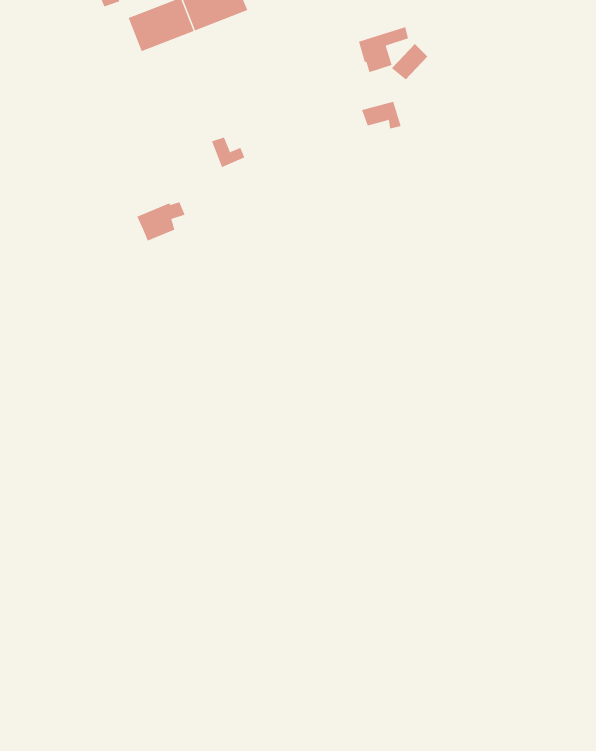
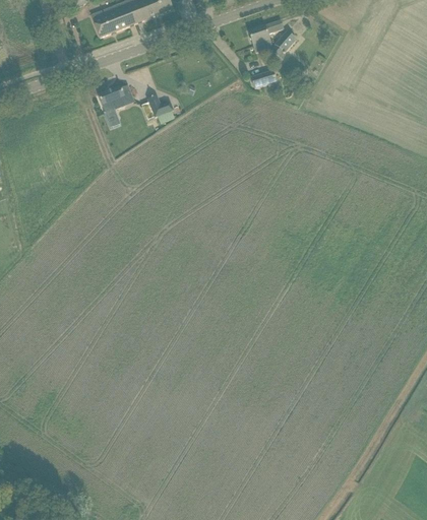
building: [137,201,186,242] -> [99,83,132,111]

